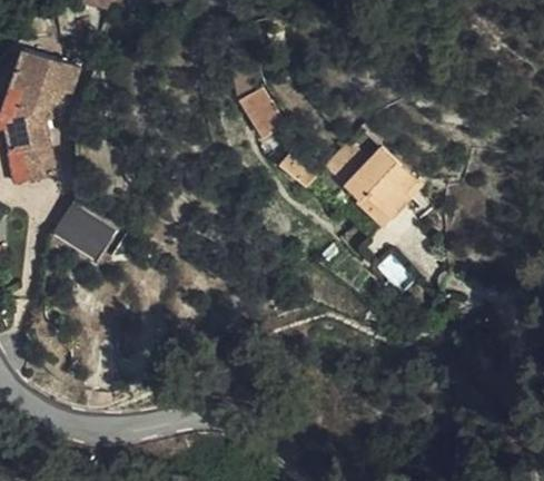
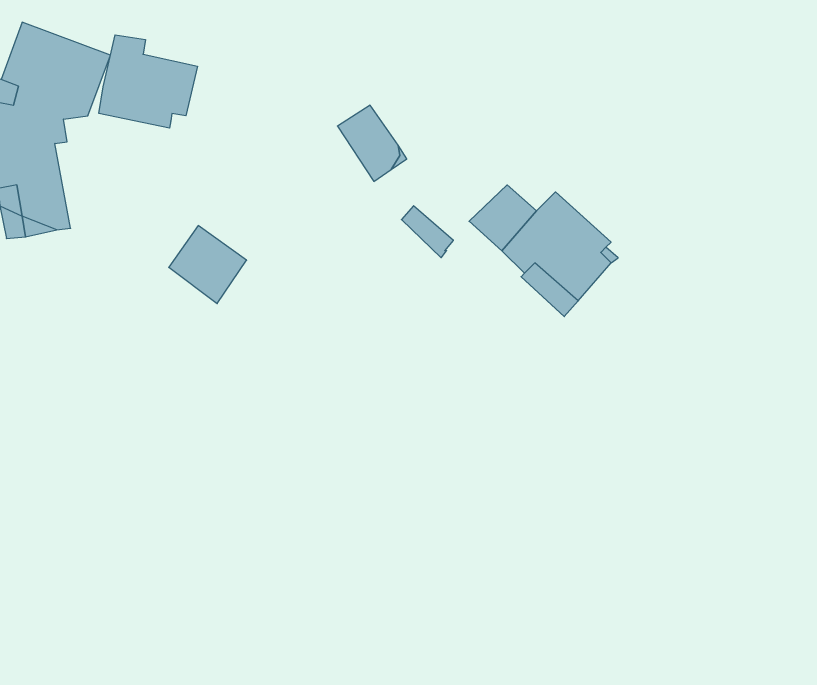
building: none -> [99,35,197,128]
building: [58,200,108,251] -> [169,226,247,304]

